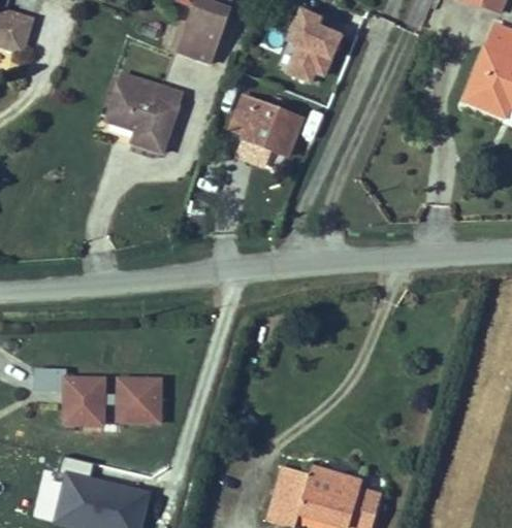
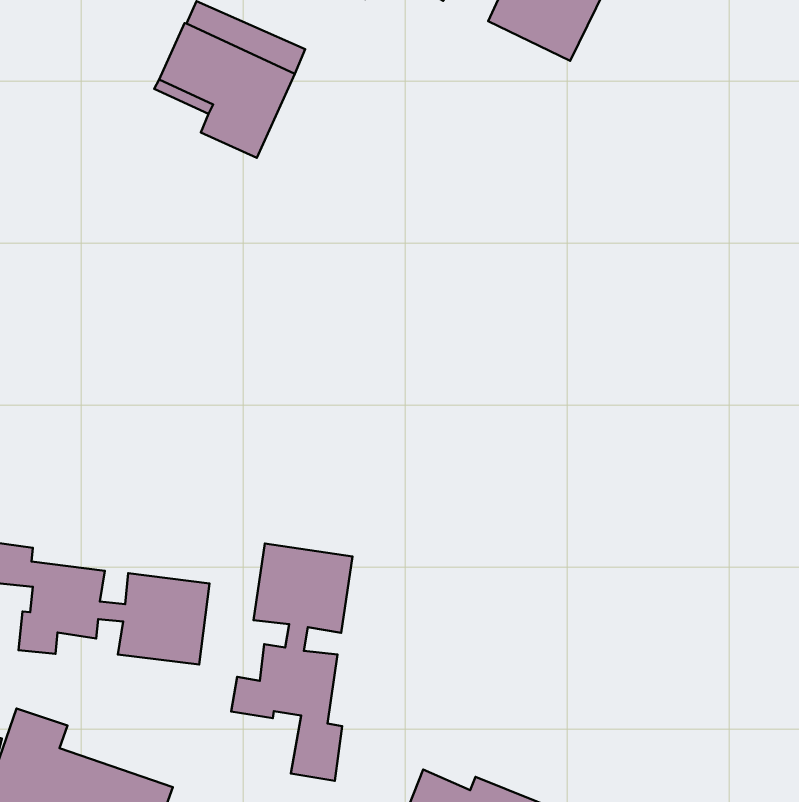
building: [230,96,302,156] -> none
building: none -> [231,544,353,781]

